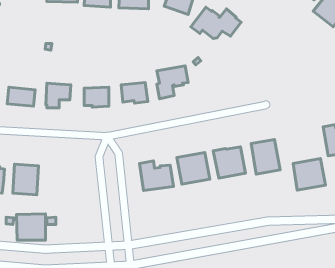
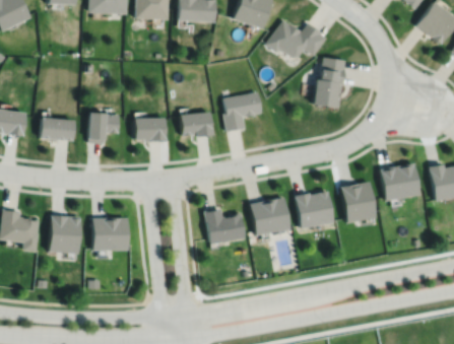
building: none -> [314,57,347,109]
building: [293,159,325,190] -> [380,163,419,202]
building: [16,214,45,240] -> [91,214,127,247]

